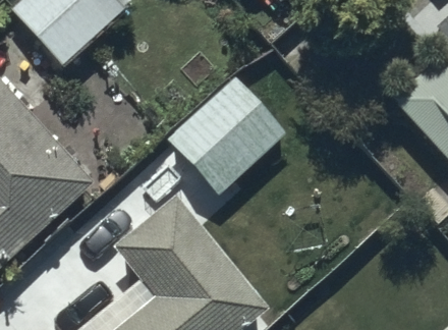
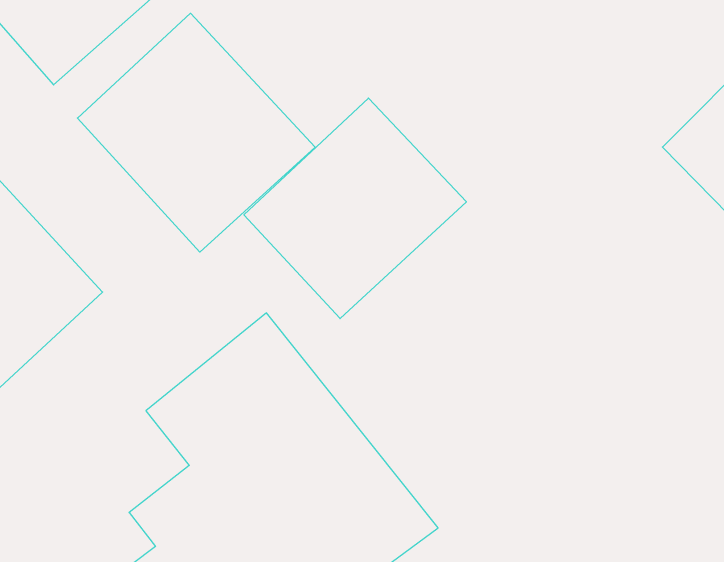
building: none -> [77,13,315,252]

